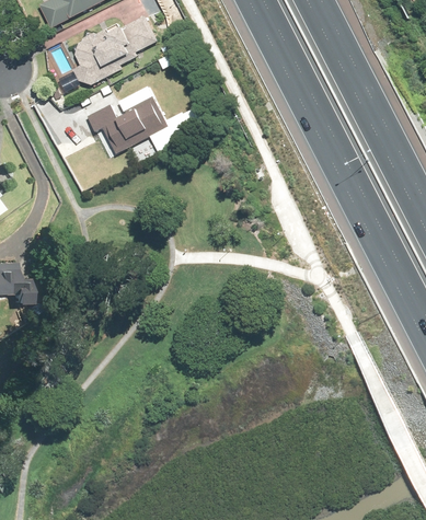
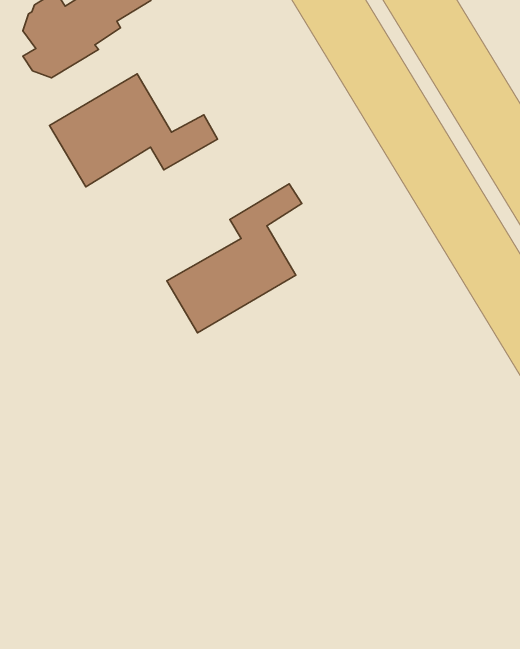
building: none -> [167,184,302,333]

